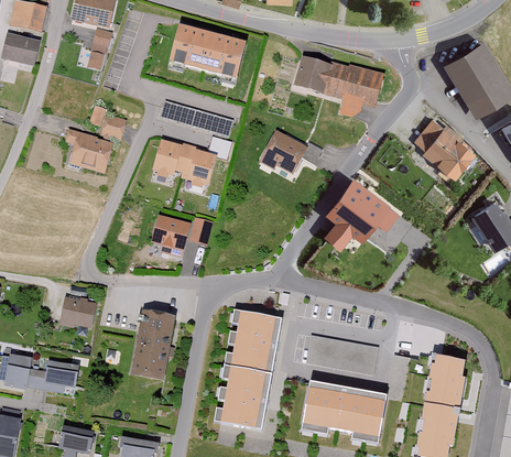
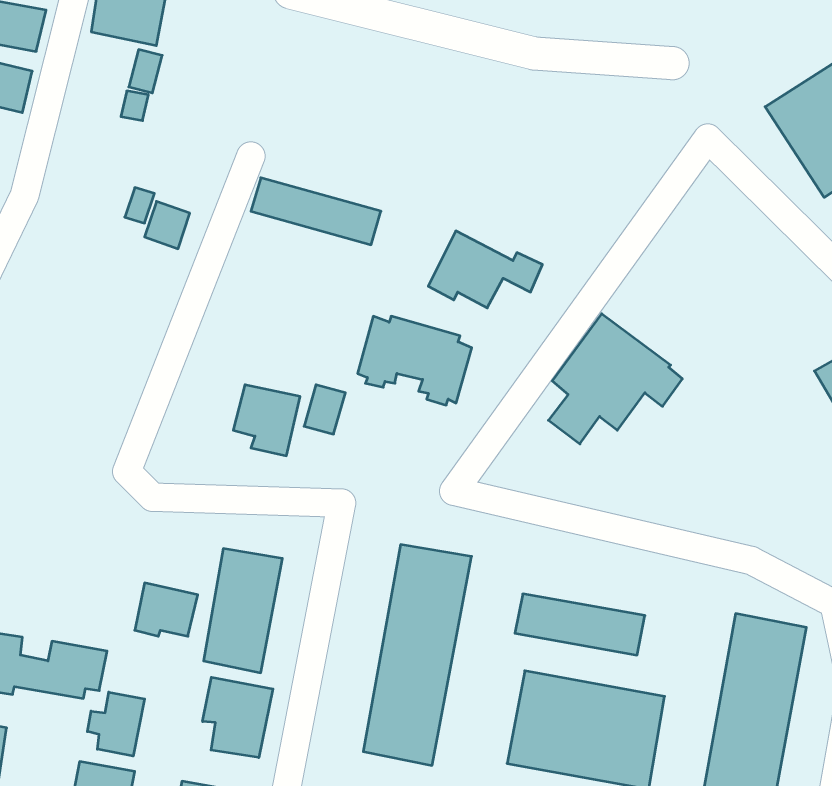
building: [173,25,246,80] -> none
building: [291,58,383,119] -> none
building: [415,117,476,176] -> none
building: [63,132,110,174] -> none
building: [150,140,214,189] -> [358,316,472,405]
building: [62,296,97,326] -> [135,583,198,636]
building: none -> [203,677,273,758]
building: none -> [87,692,145,756]

